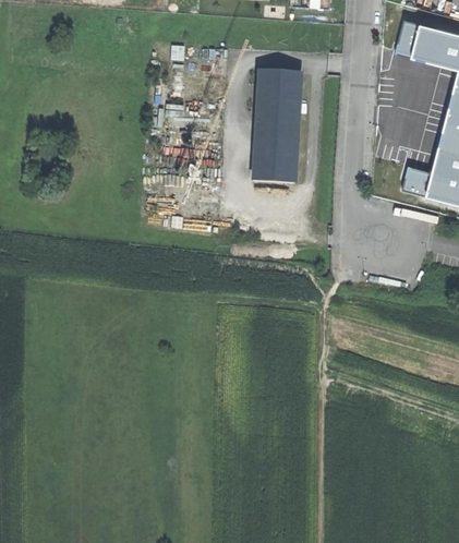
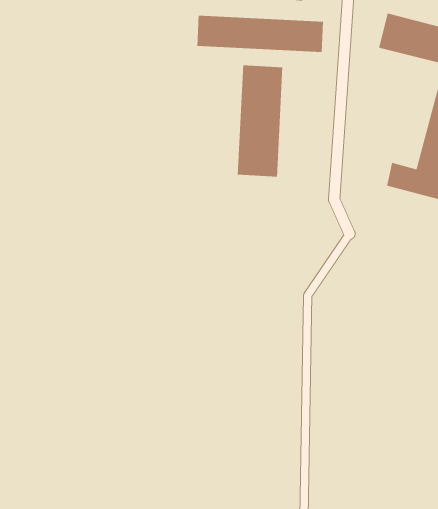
building: none -> [196,15,324,53]

